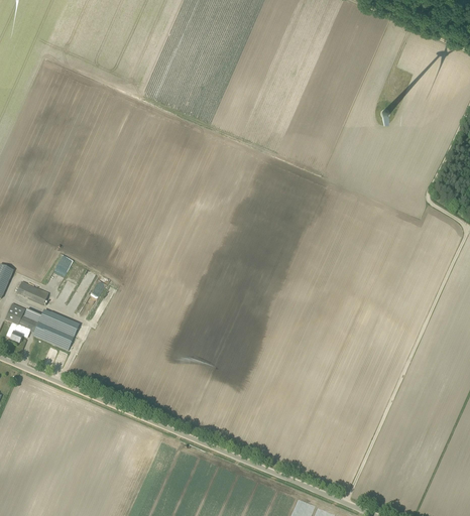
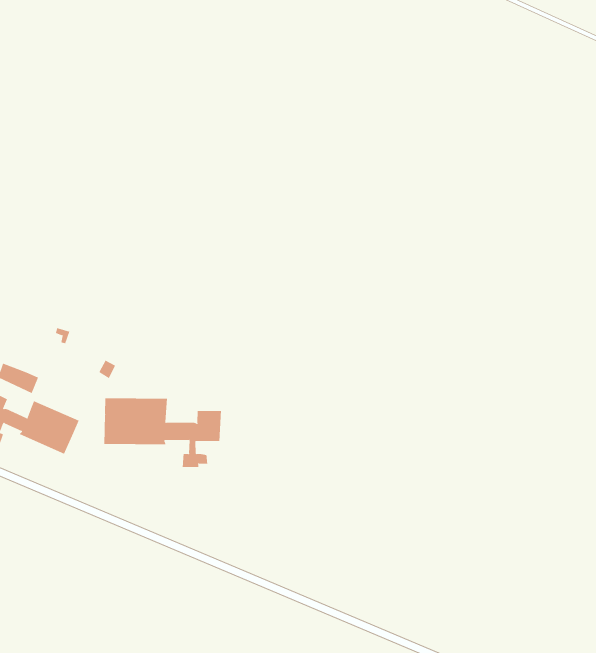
building: none -> [104,398,221,468]

